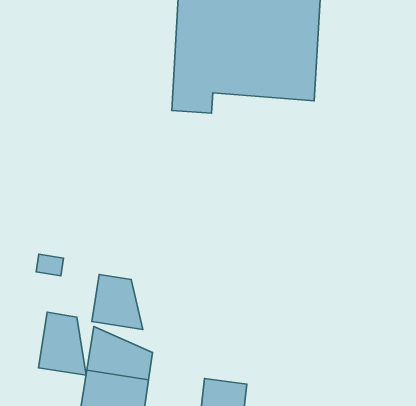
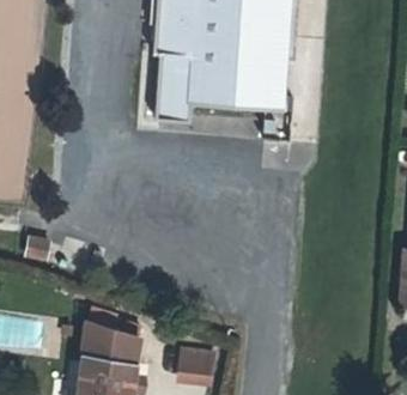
building: [92,275,143,330] -> none
building: [38,312,86,375] -> none

